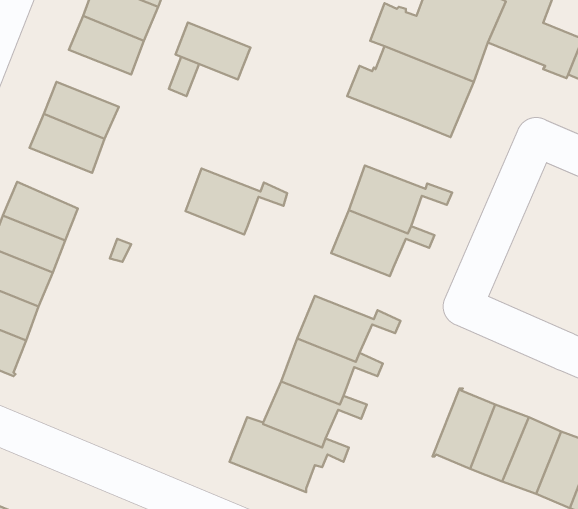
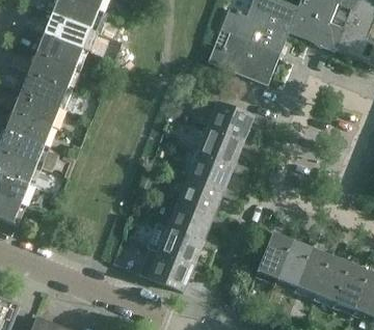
building: [175,22,250,79] -> [37,34,81,67]
building: none -> [15,91,58,127]
building: [185,168,287,234] -> [188,153,247,191]

